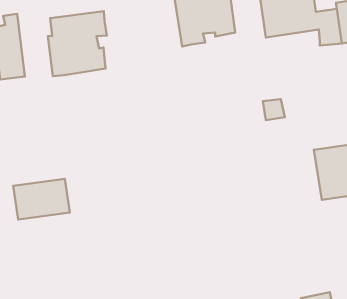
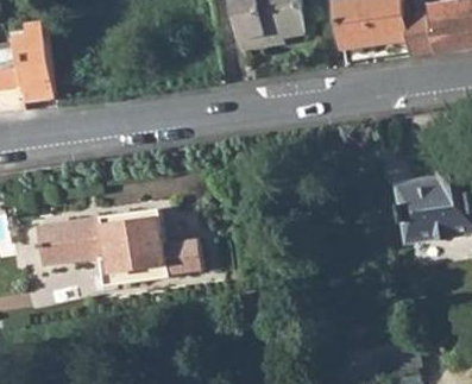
building: [48,11,107,76] -> none
building: none -> [99,208,199,285]

